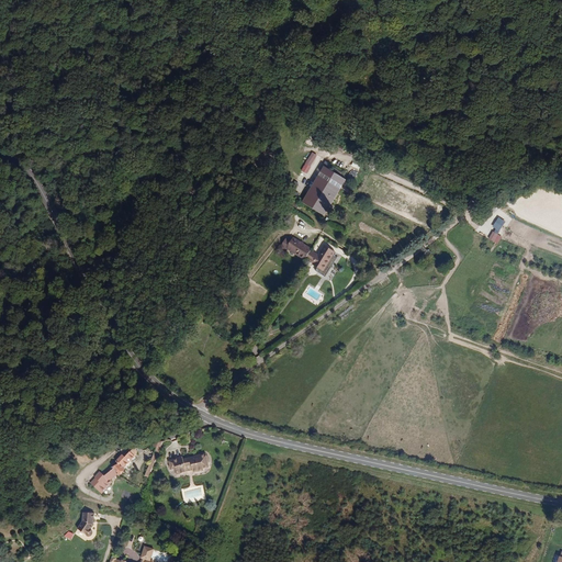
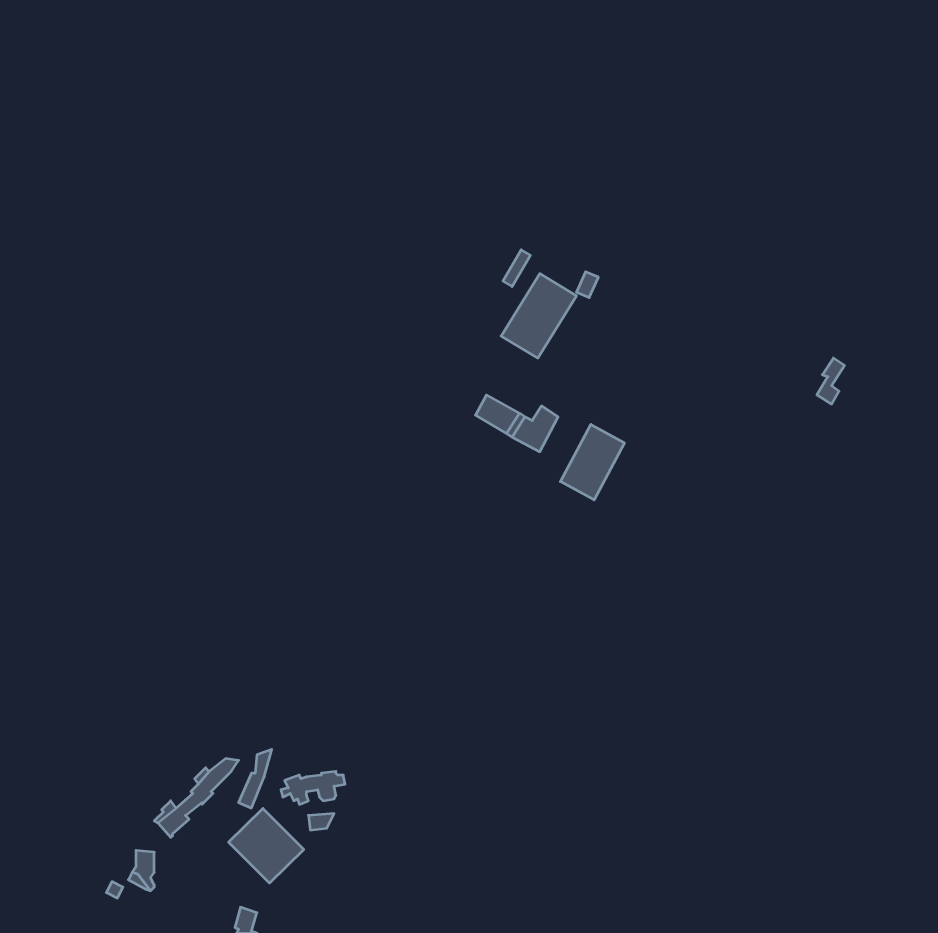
building: none -> [560,424,624,500]
building: none -> [229,808,304,883]

